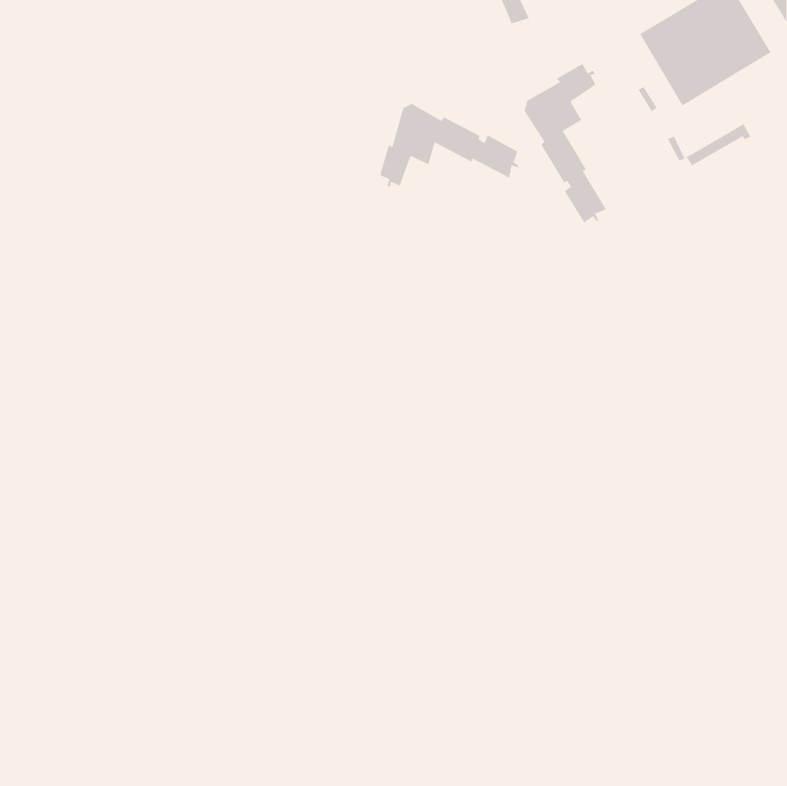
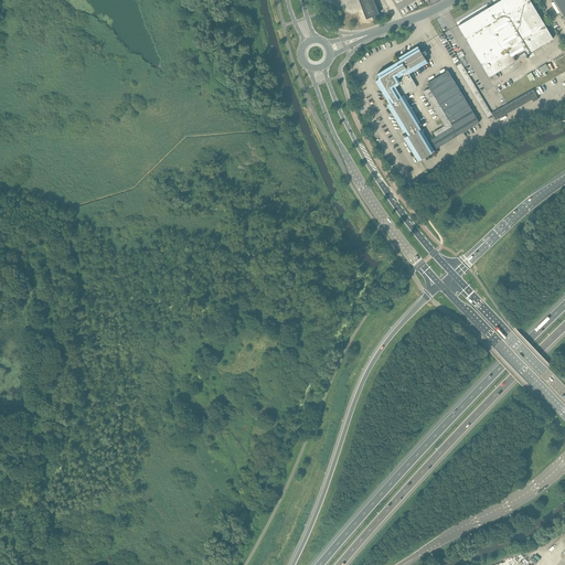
building: none -> [424,70,479,147]
building: [379,103,519,188] -> none

